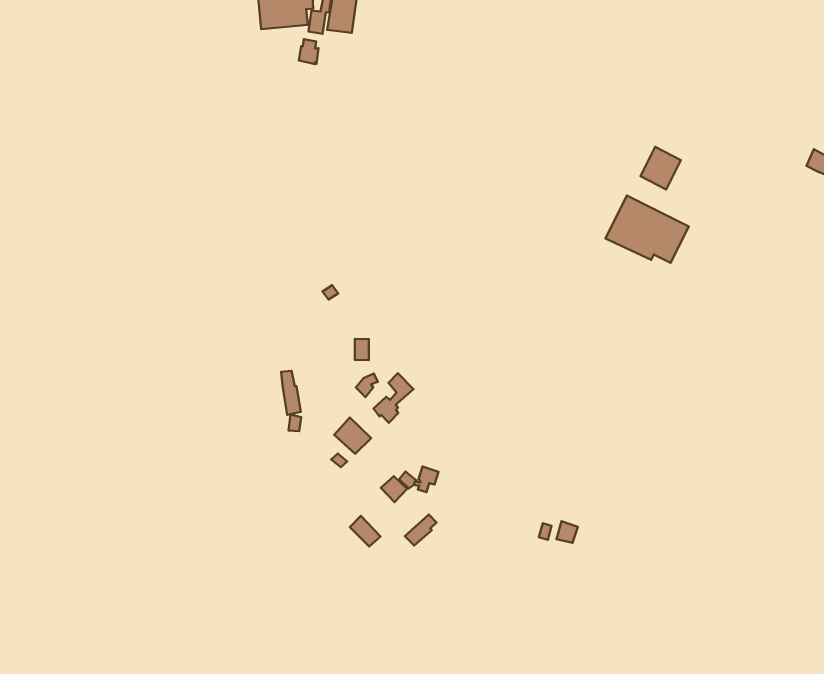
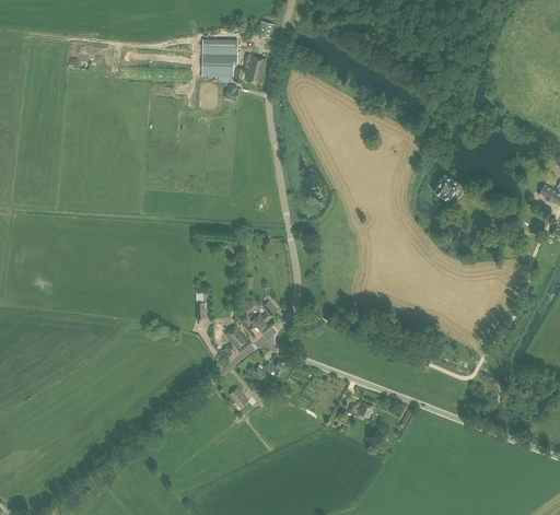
building: [605,196,689,263] -> none

